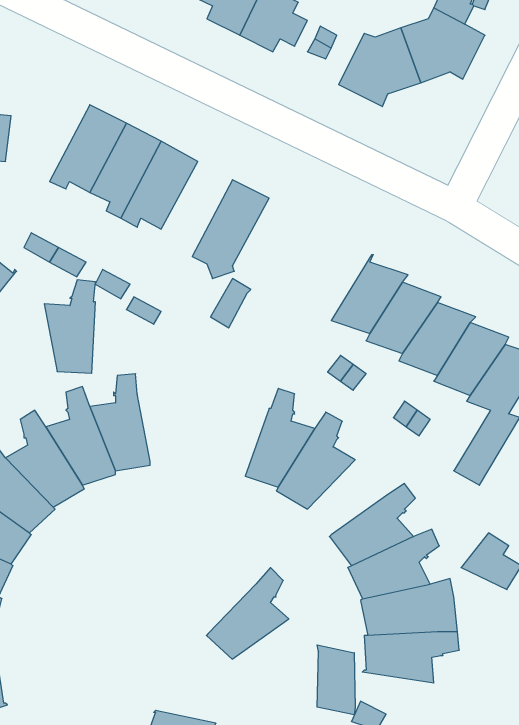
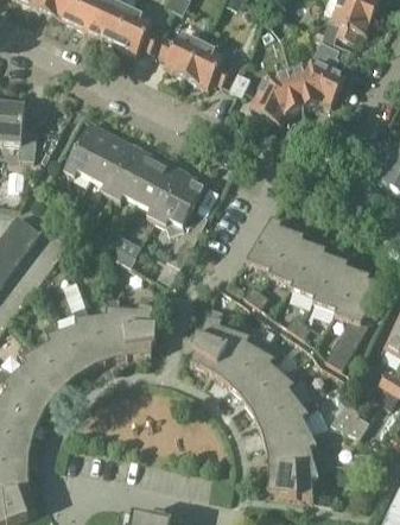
building: none -> [135,158,182,220]
building: [44,280,95,373] -> [120,293,153,354]
building: [206,568,289,659] -> [229,341,282,400]
building: [317,645,355,715] -> none

